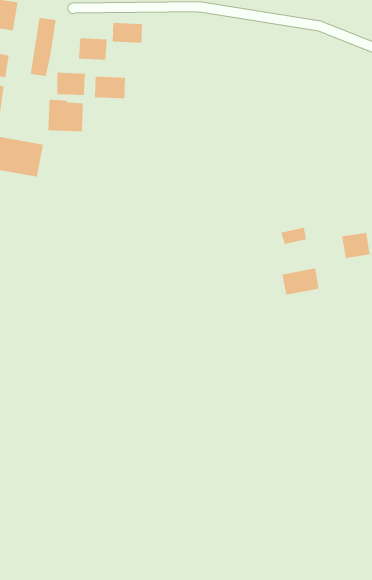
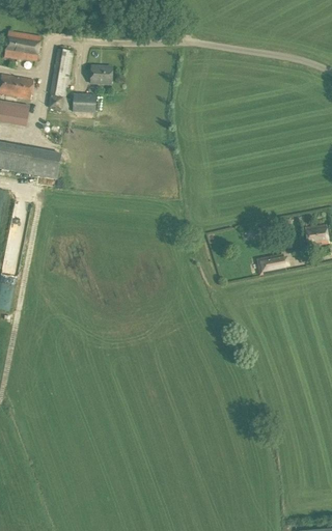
building: [112,22,143,43] -> none
building: [94,76,126,99] -> none
building: [48,99,84,132] -> none

